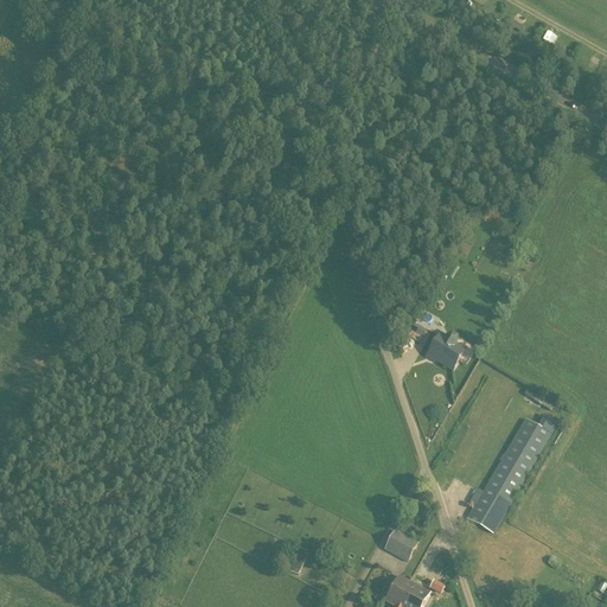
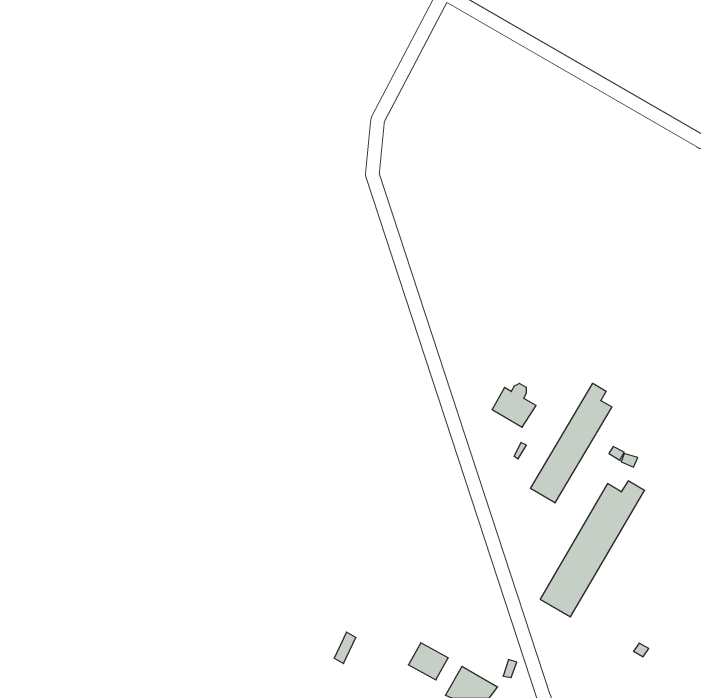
building: none -> [531,383,612,503]
building: [383,529,417,561] -> [408,643,448,680]

